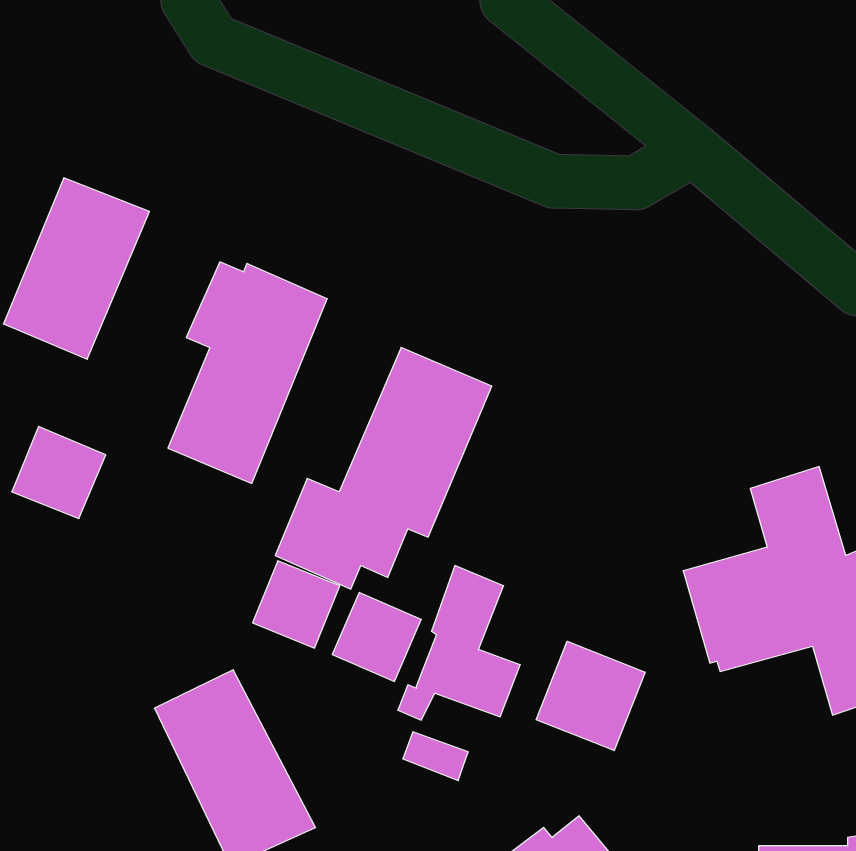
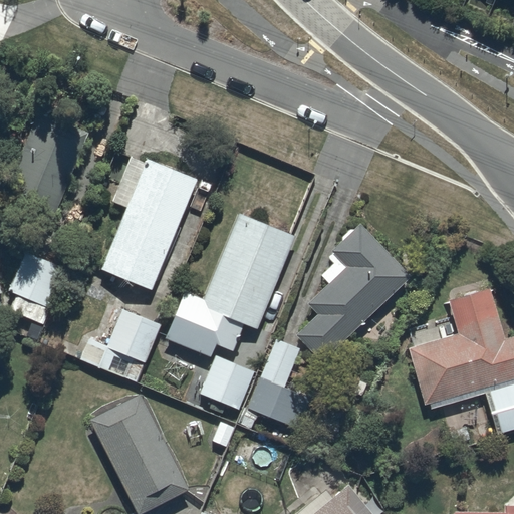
building: none -> [297,219,413,359]
building: [253,561,340,648] -> [108,315,161,367]
building: [536,641,645,751] -> none

